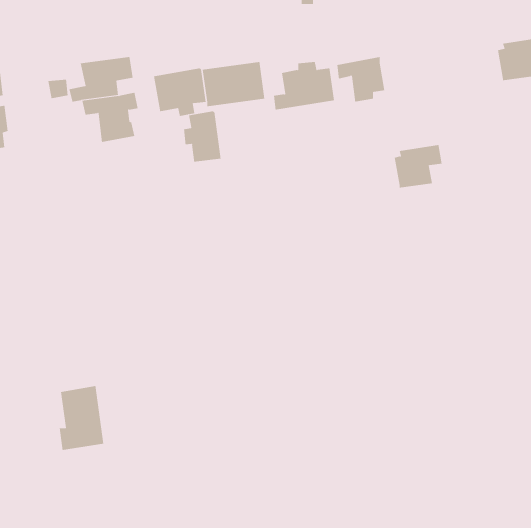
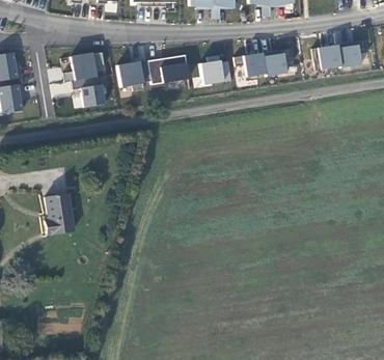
building: none -> [312,44,340,70]
building: [183,111,221,162] -> none
building: [394,144,443,188] -> [263,47,294,75]
building: [59,385,104,450] -> [45,192,74,233]

